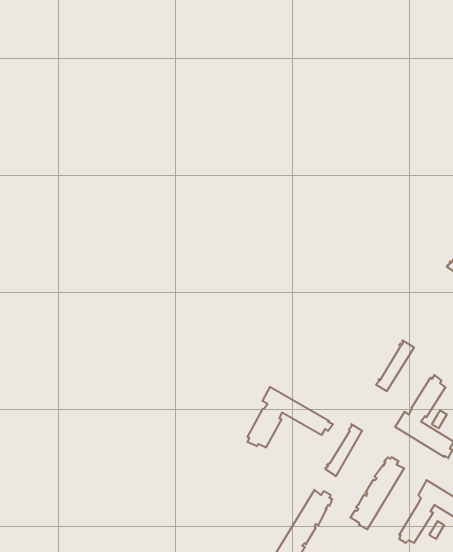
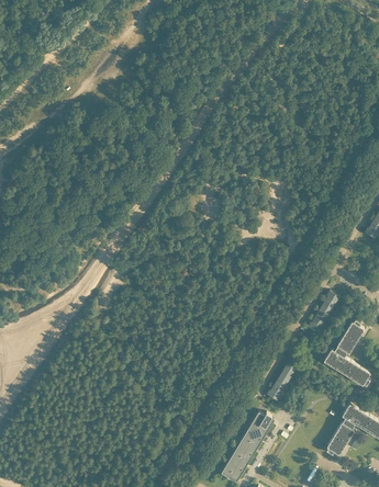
building: [248,387,333,448] -> none
building: [350,457,404,529] -> none

